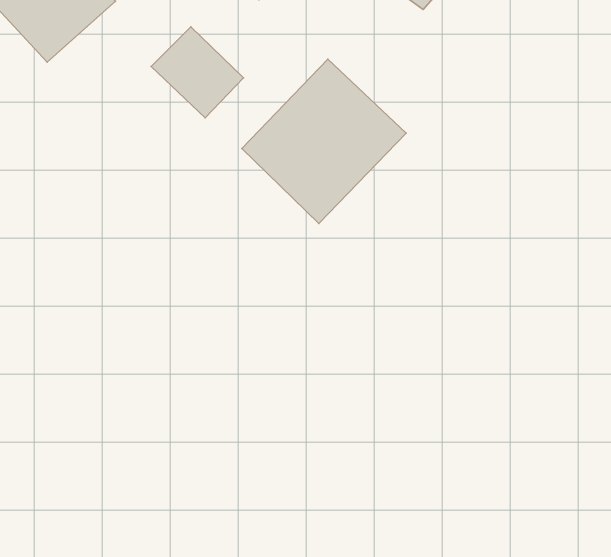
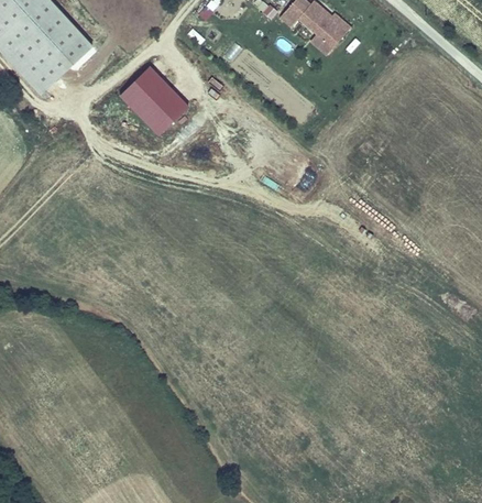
building: [242,59,406,223] -> none

